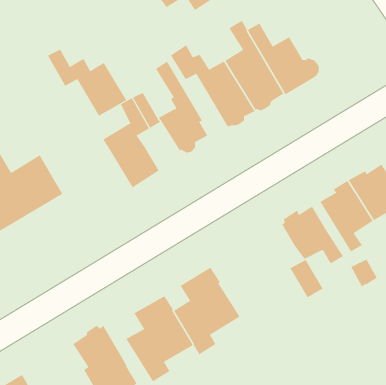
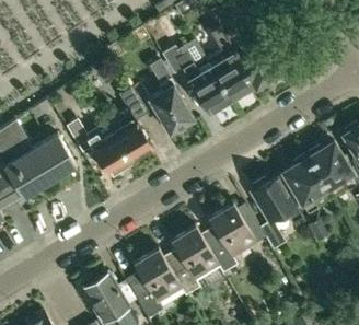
building: [47,49,127,116] -> [67,120,131,175]
building: none -> [201,202,256,274]

